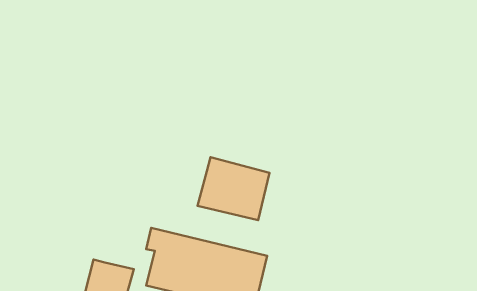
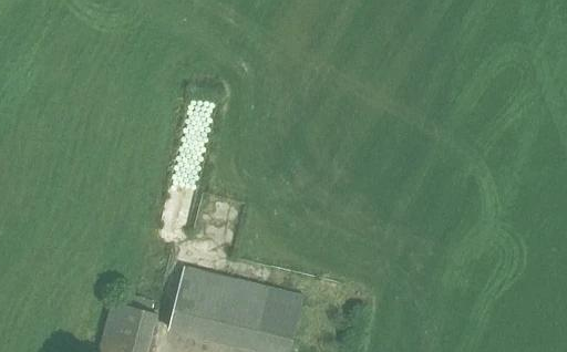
building: [197,157,269,220] -> none

